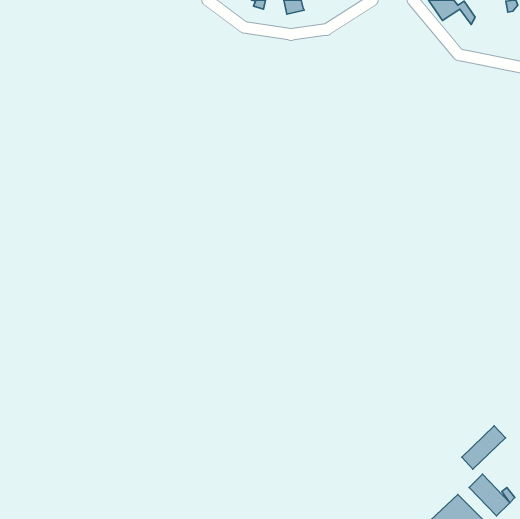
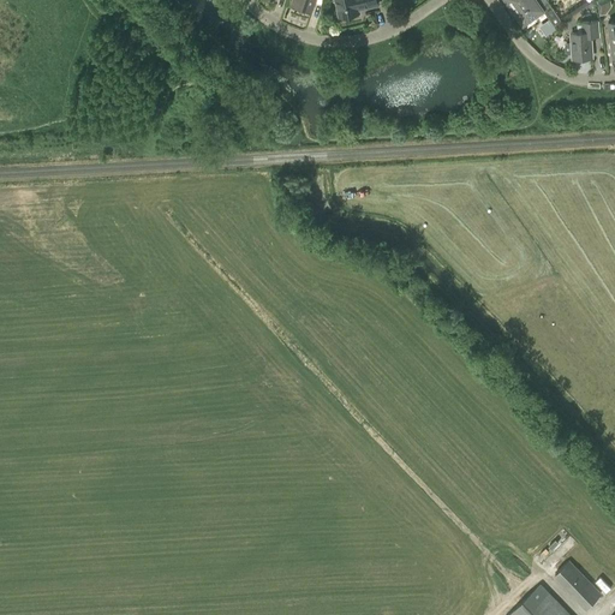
building: none -> [565,23,598,60]
building: [462,426,505,469] -> none

